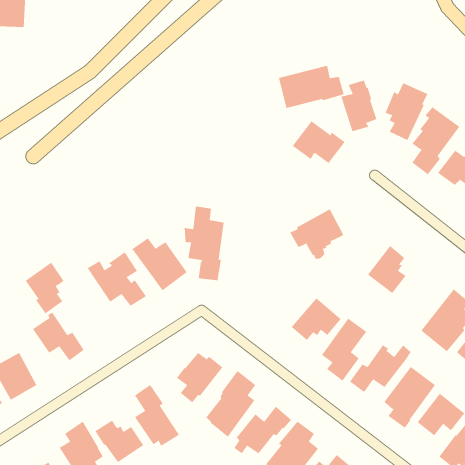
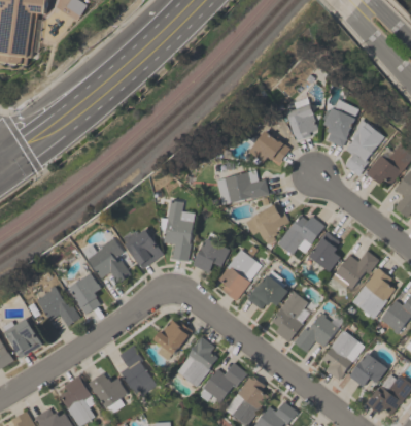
building: [278,65,345,108] -> [215,170,269,205]
building: none -> [277,215,324,255]
building: none -> [193,237,230,273]
building: [25,262,64,314] -> [69,272,101,315]
building: none -> [218,250,262,301]
building: none -> [332,250,379,288]

